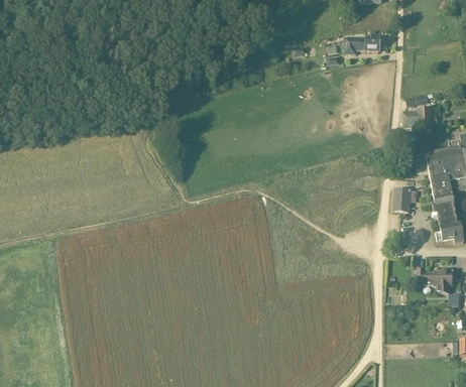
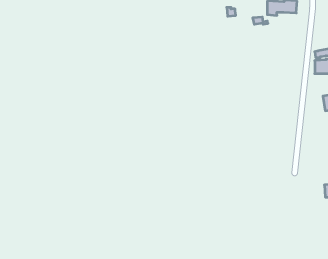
building: [392,188,412,213] -> none

